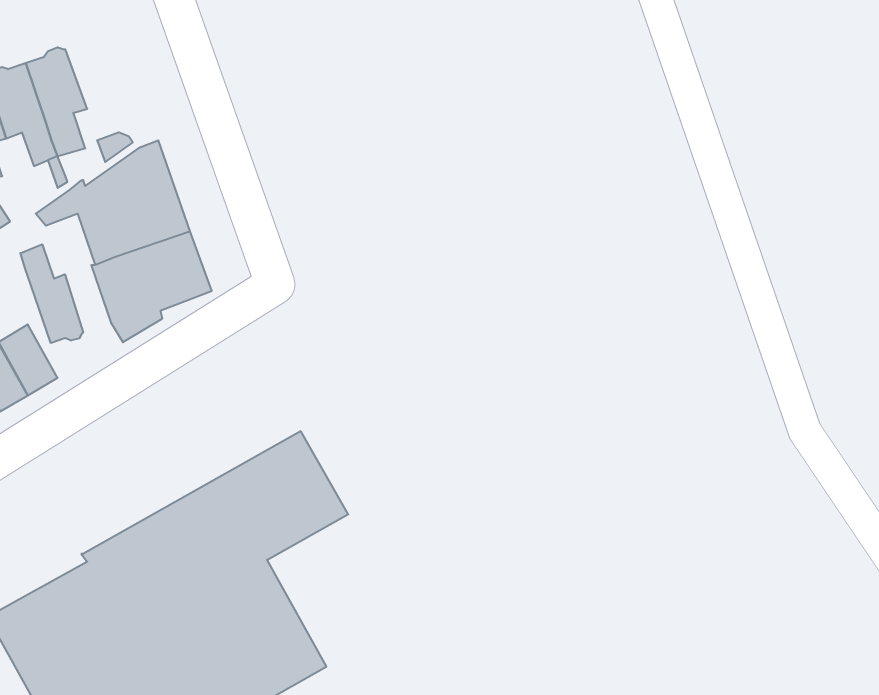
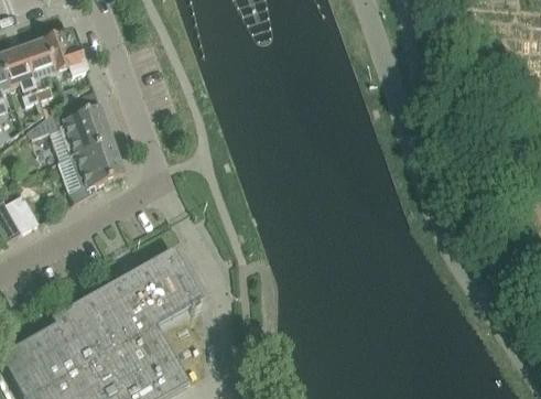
building: none -> [42,29,86,77]
building: [20,244,83,343] -> none

